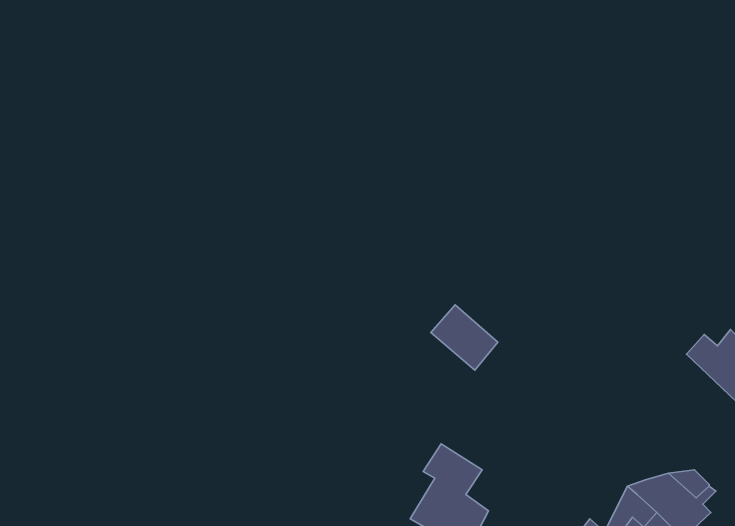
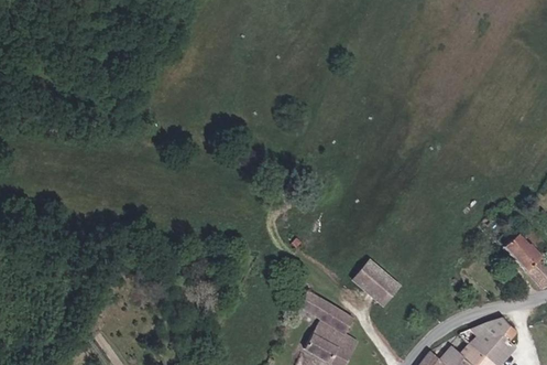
building: [431,305,498,370] -> [351,264,396,308]
building: none -> [300,288,329,319]

